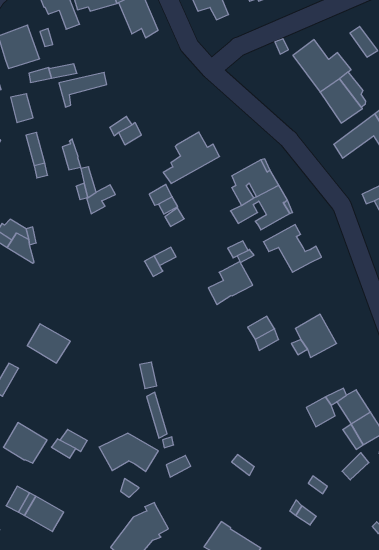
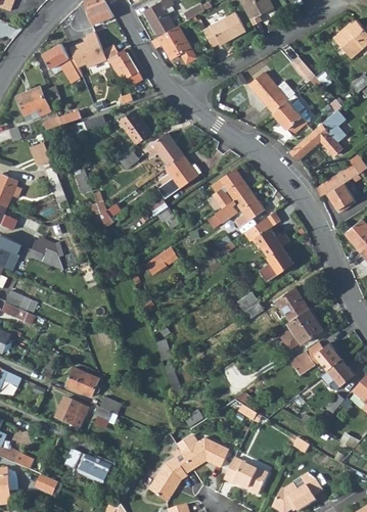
building: none -> [119,109,150,143]
building: none -> [145,132,183,165]
building: [208,262,253,305] -> [259,246,293,282]
building: [27,324,70,363] -> [65,367,99,397]
building: none -> [287,308,322,344]
building: [99,433,158,472] -> [180,437,227,468]

